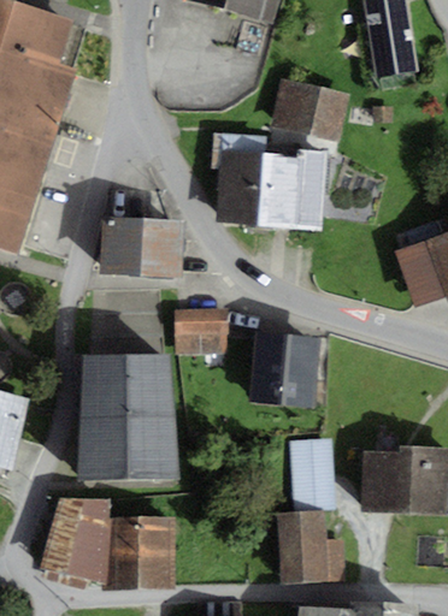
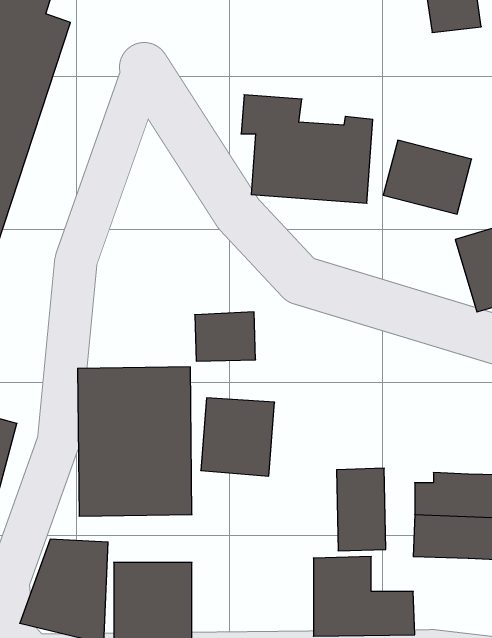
building: [272,83,346,144] -> [383,140,472,214]
building: [105,215,182,267] -> none
building: [255,332,317,397] -> [201,398,275,476]

